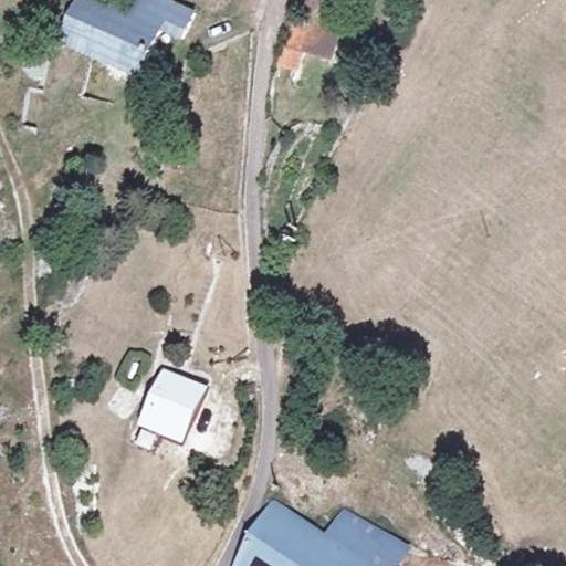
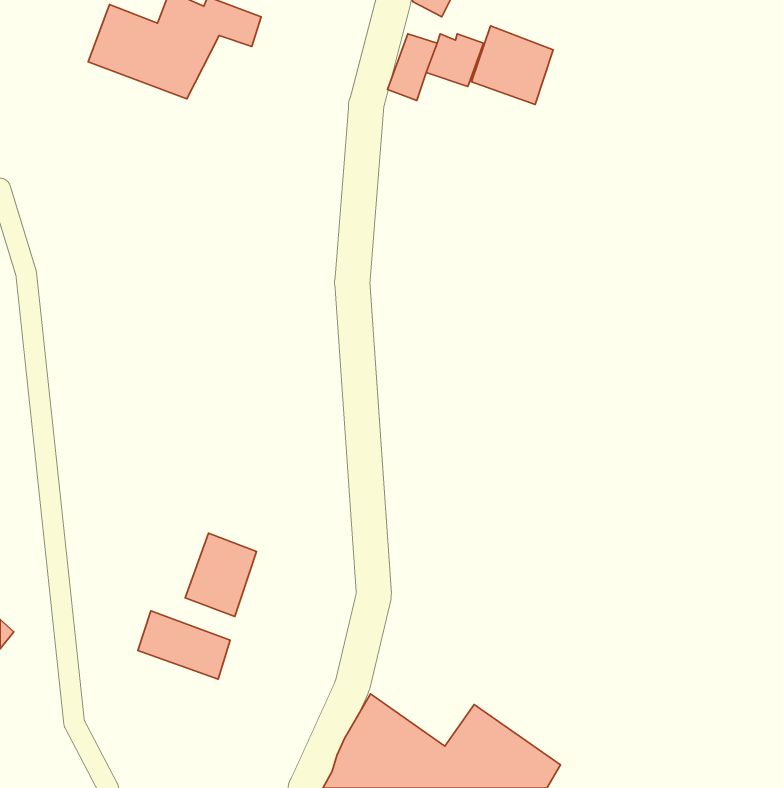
building: none -> [471,26,553,104]
building: none -> [138,611,230,679]

